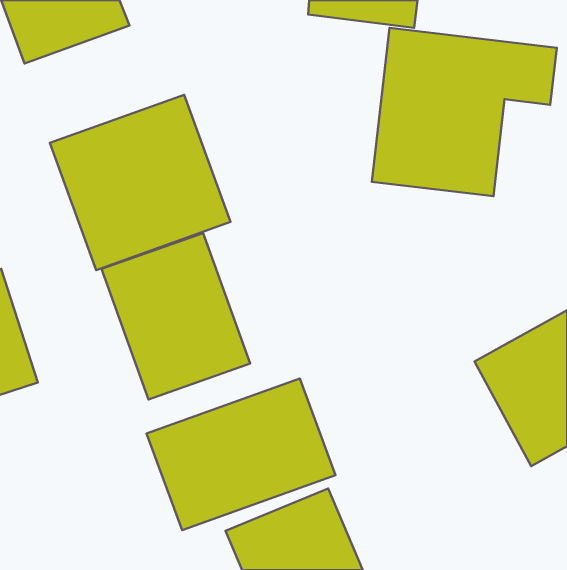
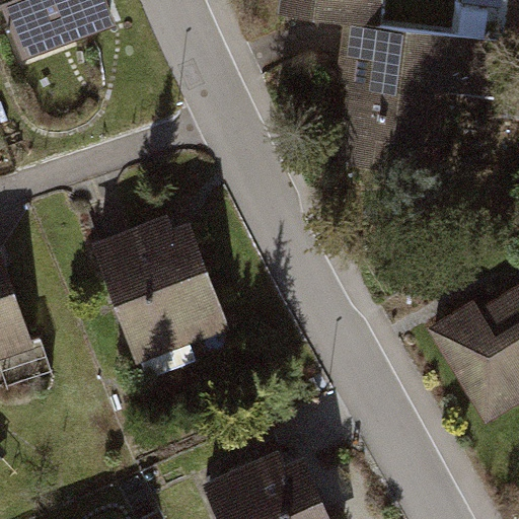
building: [50,95,231,270] -> none
building: [146,378,335,530] -> none

